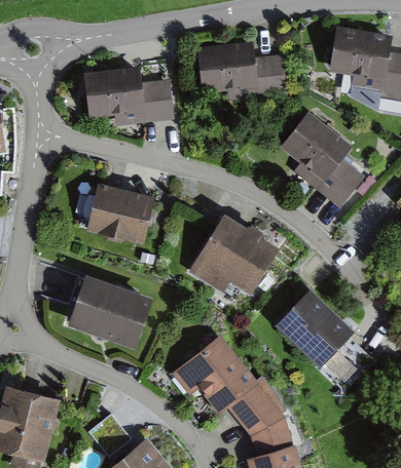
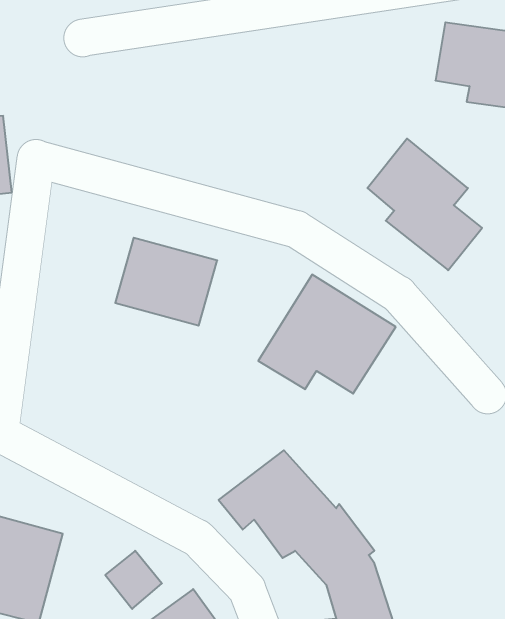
building: [195,39,287,103] -> none
building: [83,68,173,127] -> none
building: [67,273,151,348] -> none
building: [276,285,363,372] -> none

